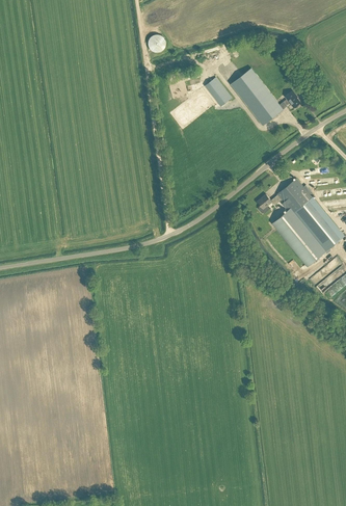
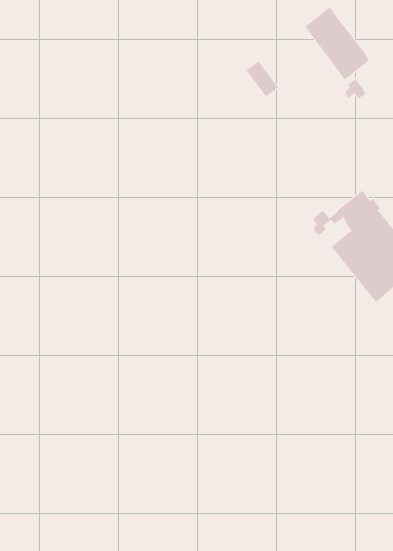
building: [231,68,282,125] -> [305,7,370,80]

